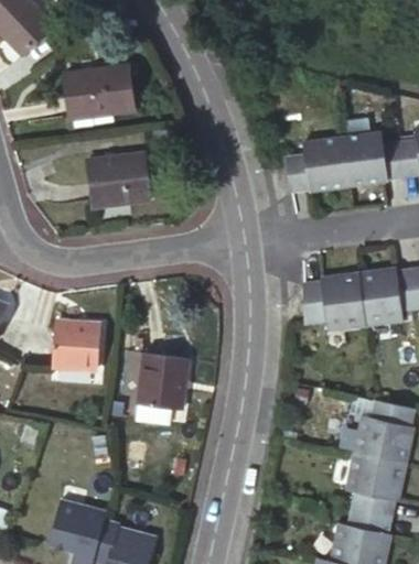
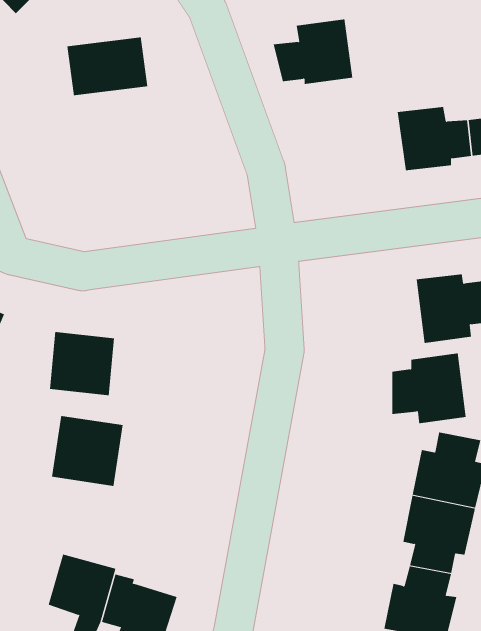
building: [279,135,345,189] -> [273,19,353,84]
building: [87,155,149,207] -> none
building: [299,273,361,332] -> [392,353,467,424]
building: [137,354,196,412] -> [51,415,123,486]

